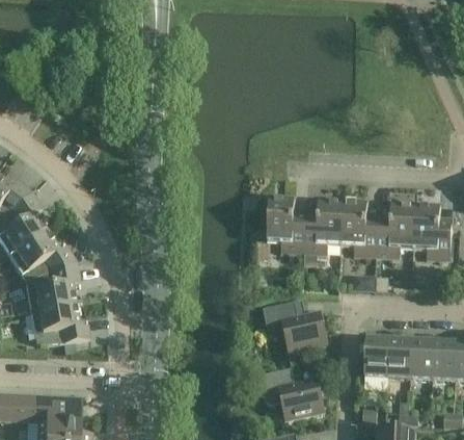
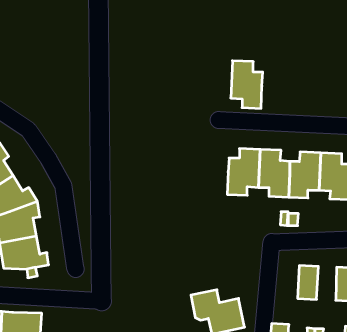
building: [267,196,305,253] -> [231,61,263,108]
building: [263,301,327,354] -> none
building: [364,337,389,378] -> none
building: [410,339,434,380] -> none

